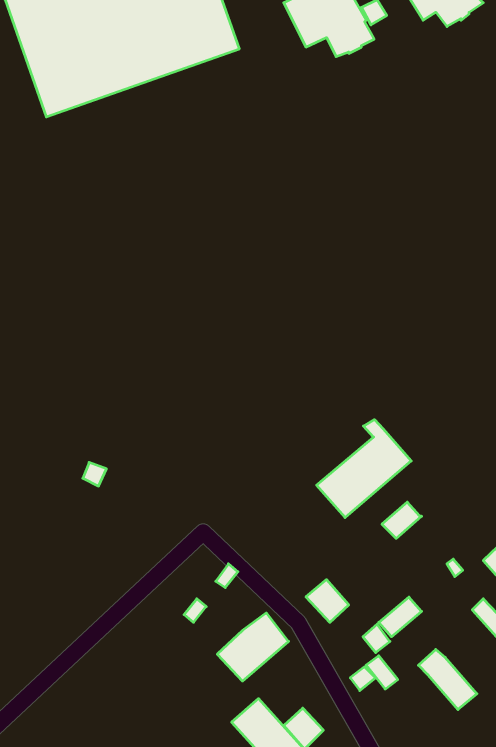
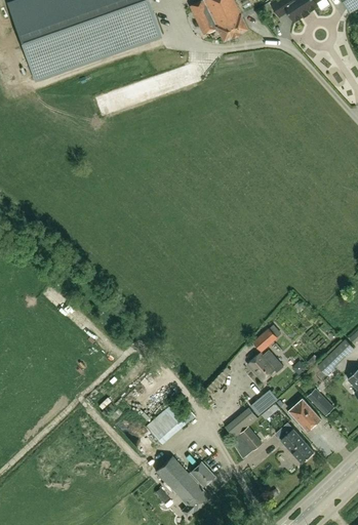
building: [317,420,411,518] -> none
building: [306,580,349,622] -> [247,353,275,380]
building: none -> [288,398,321,431]

